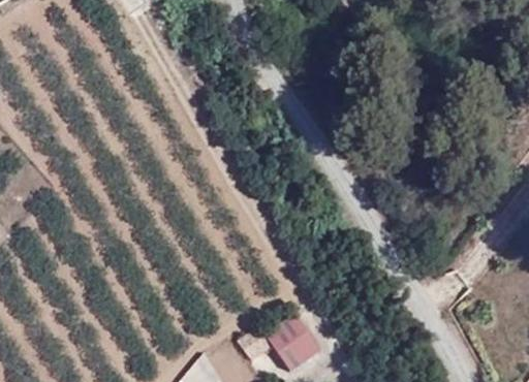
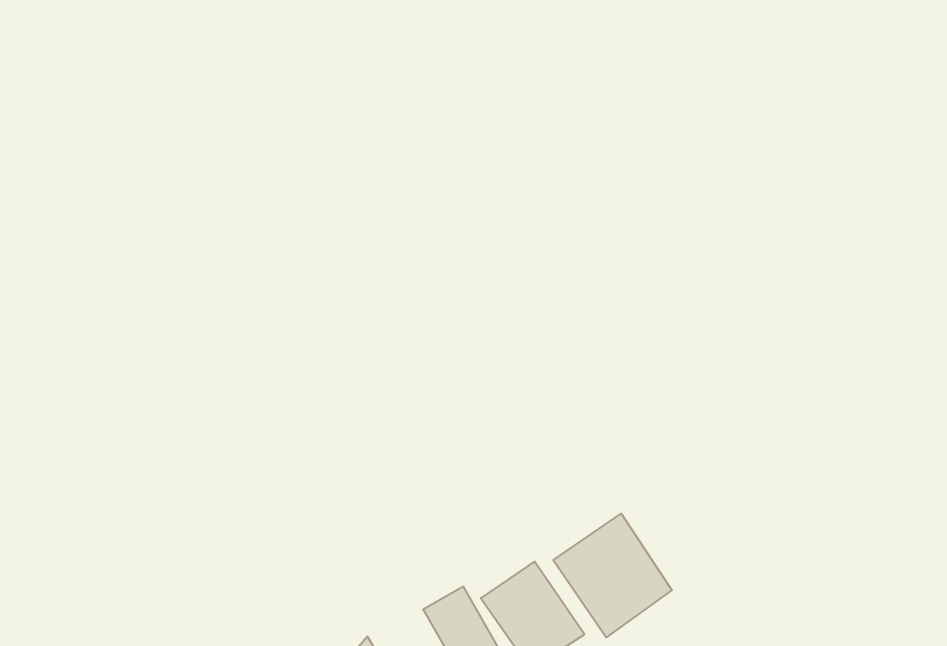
building: none -> [553,514,672,637]

